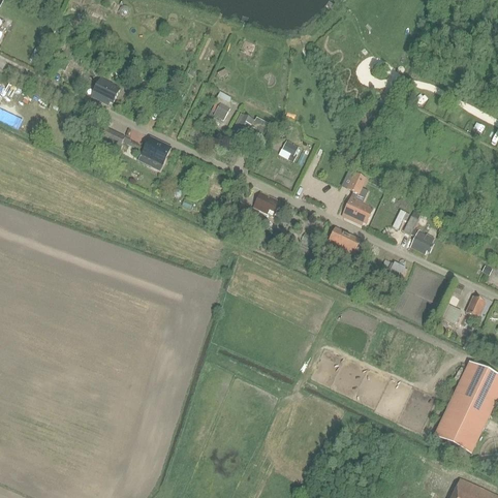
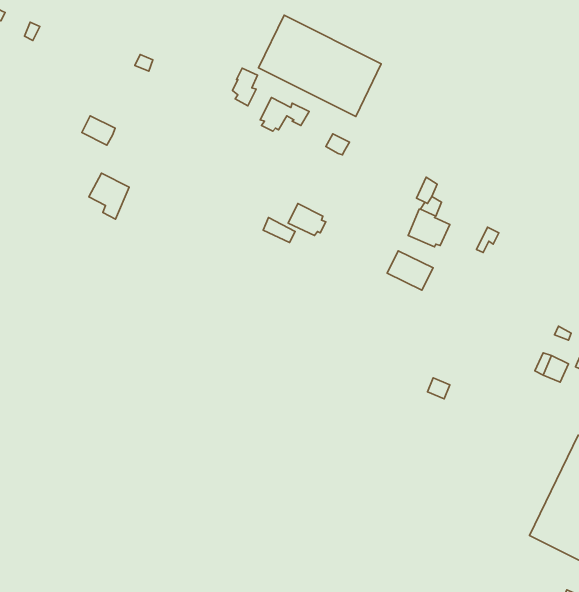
building: none -> [259,15,381,116]
building: [91,76,120,103] -> none
building: [141,136,170,170] -> [89,173,129,219]
building: [403,210,434,252] -> none

